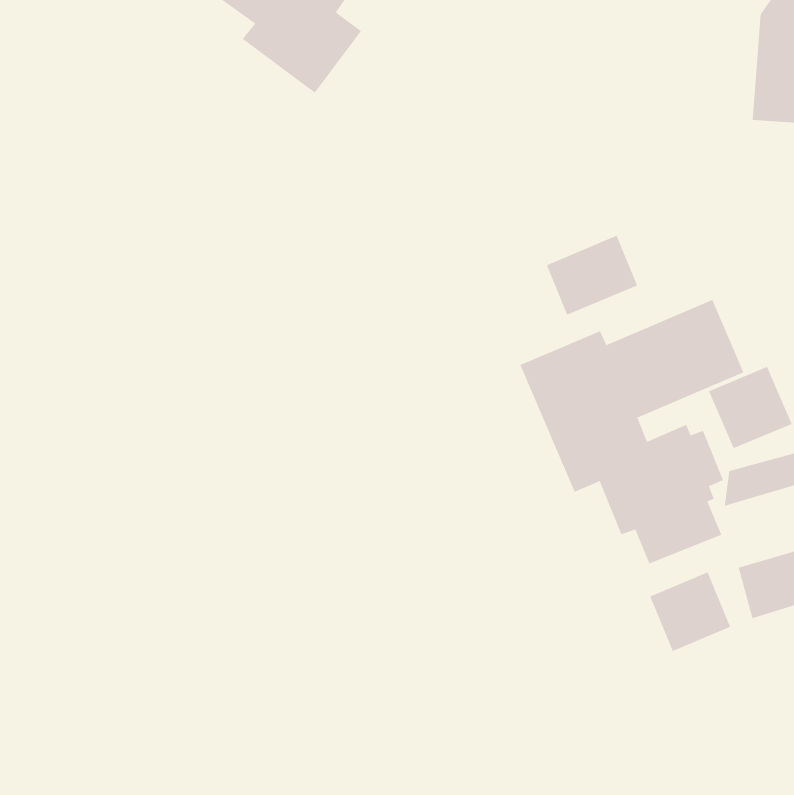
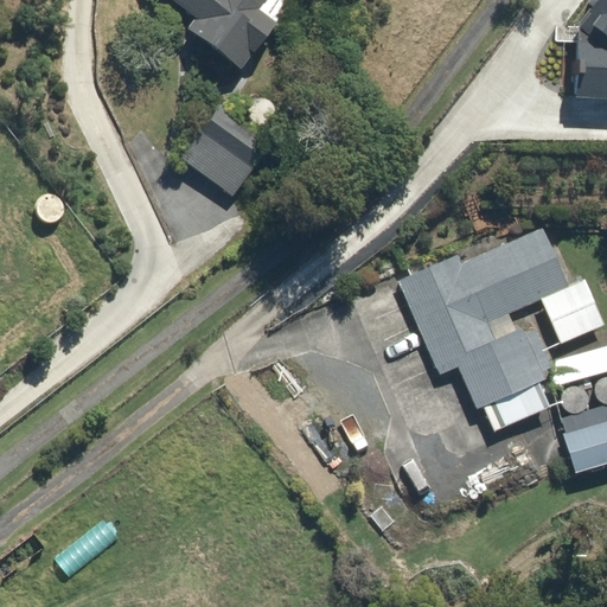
building: none -> [181,104,274,197]
building: [546,235,638,316] -> none
building: [649,571,731,652] -> none

